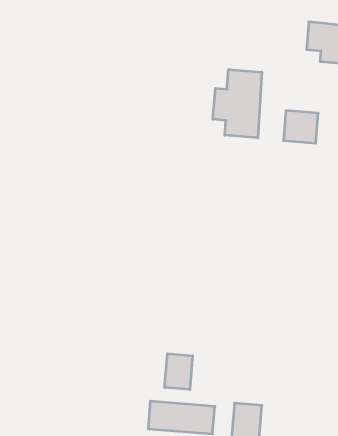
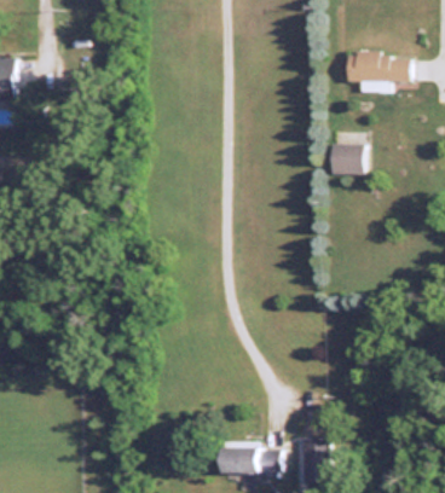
building: [213,69,262,138] -> none
building: [165,354,193,390] -> none

